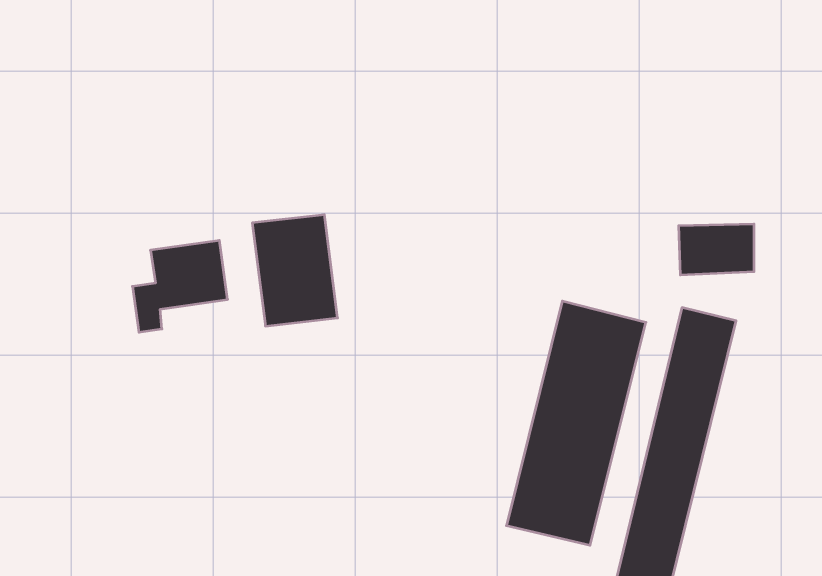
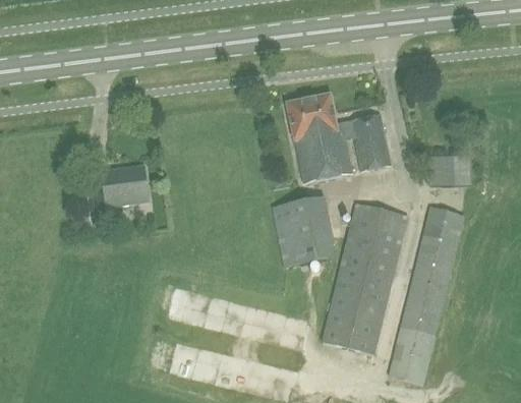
building: none -> [287,94,391,184]
building: [252,215,338,326] -> [269,189,322,258]

